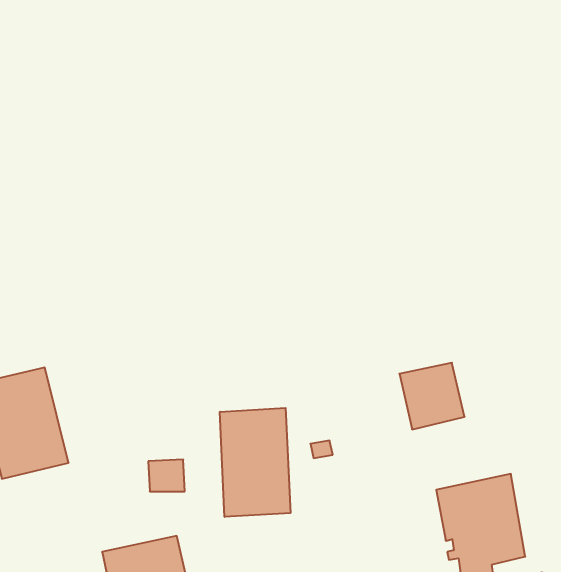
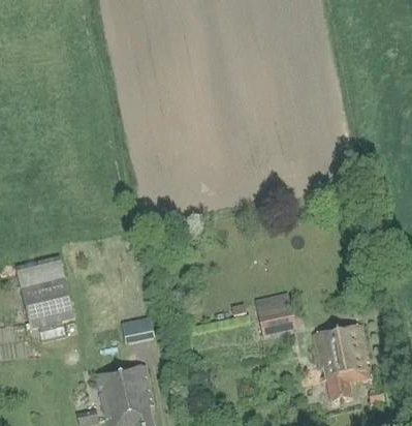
building: [399,363,465,429] -> [254,292,296,335]
building: [220,408,290,517] -> none

